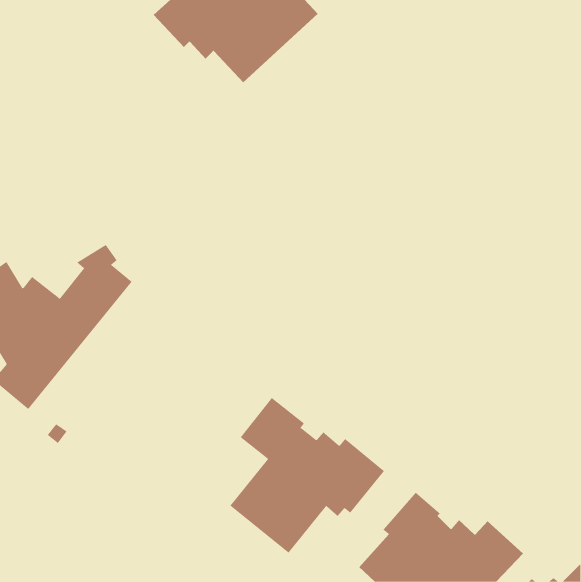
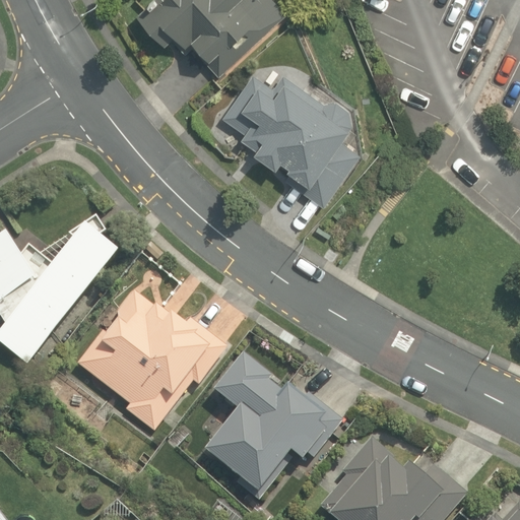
building: none -> [220,73,358,204]
building: none -> [76,290,226,431]

